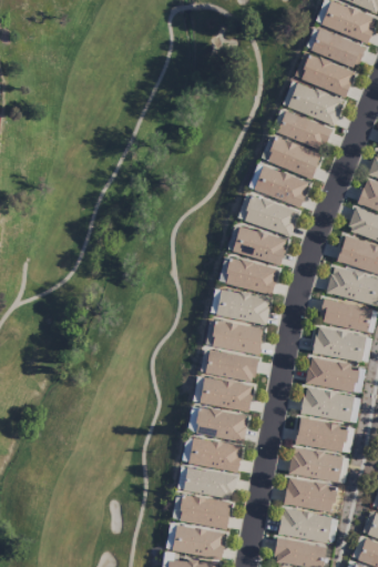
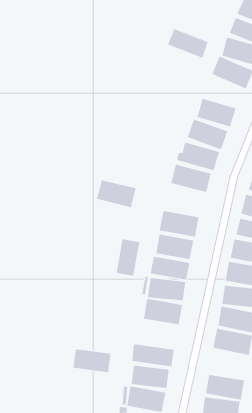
building: [276,111,331,151] -> [167,29,209,58]
building: [224,257,278,295] -> [96,180,137,208]
building: none -> [116,239,140,276]
building: [190,438,242,470] -> [73,349,111,373]
building: [284,477,336,512] -> none

